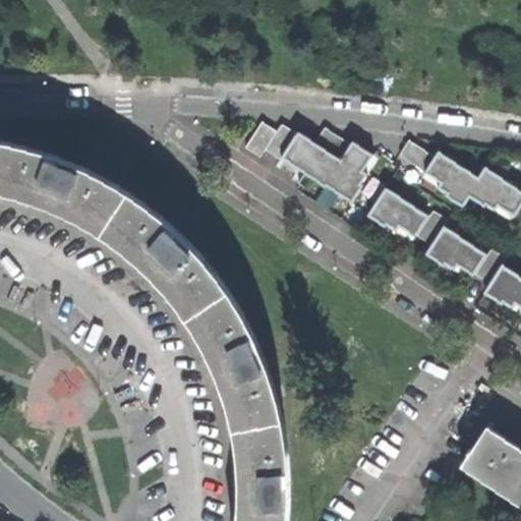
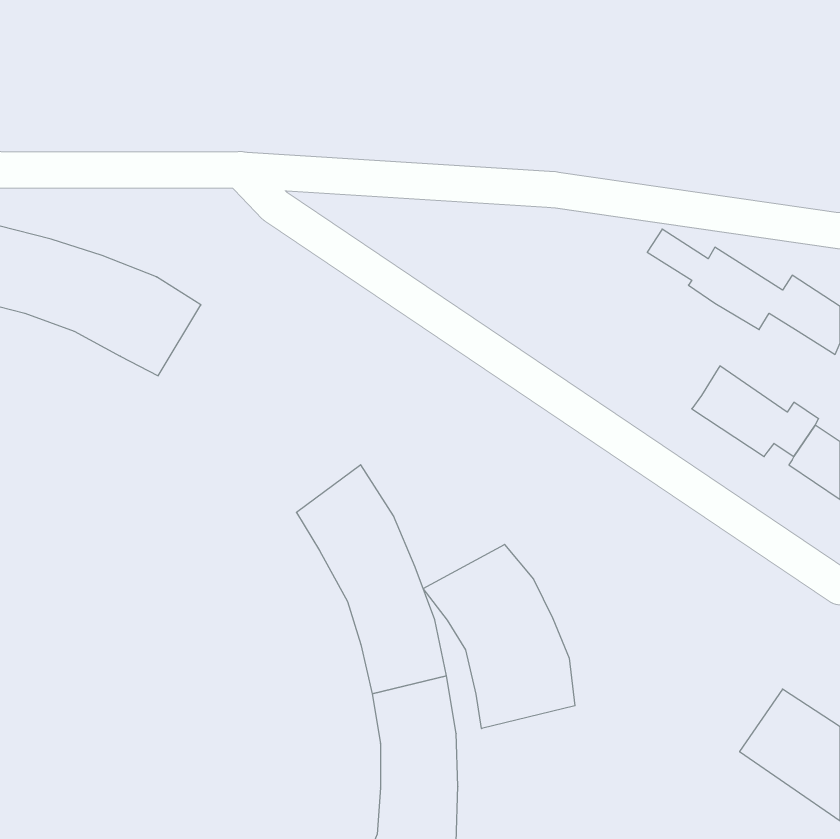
building: [245,124,379,213] -> none
building: [98,190,223,319] -> none
building: [370,191,449,246] -> none
building: none -> [423,544,575,729]

